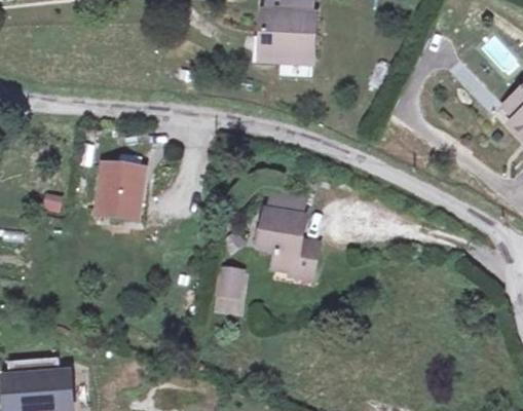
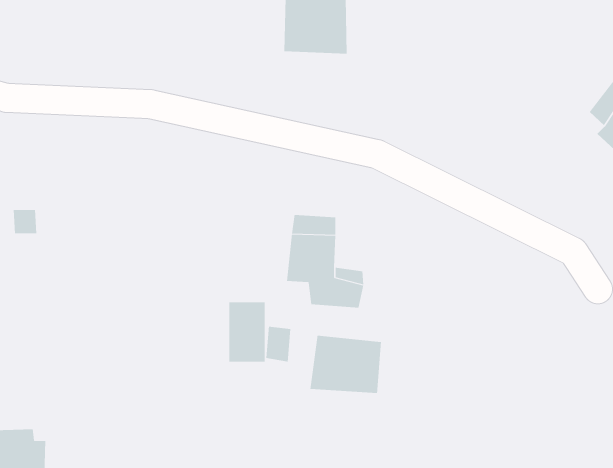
building: [102,163,146,221] -> none
building: none -> [310,335,382,394]

